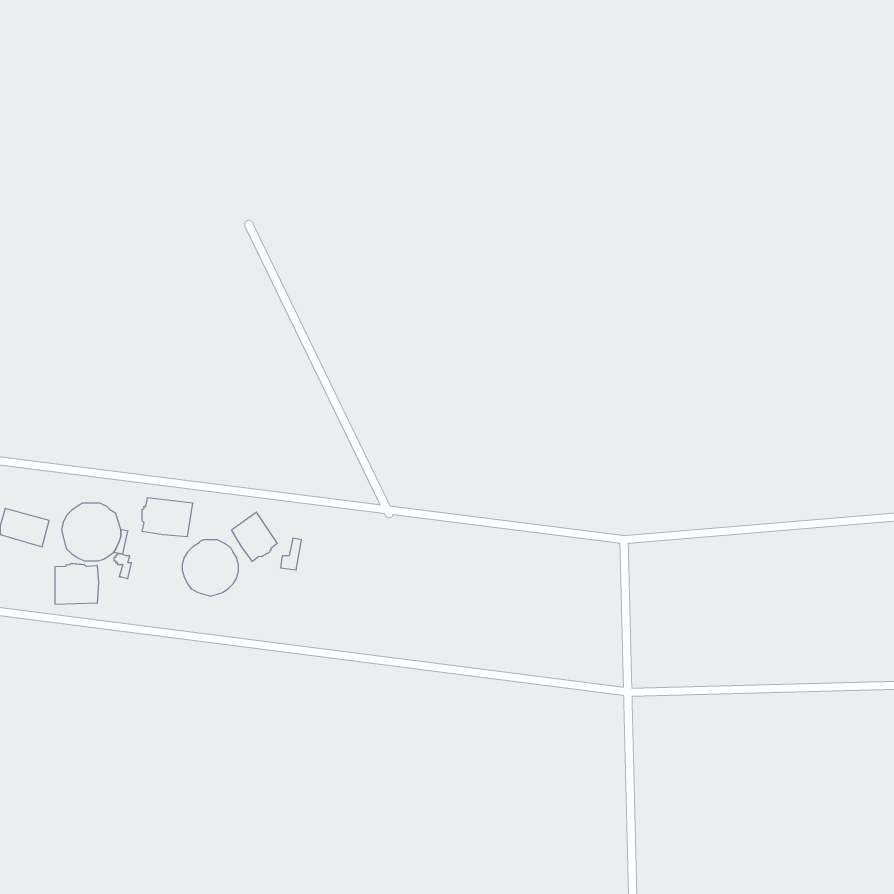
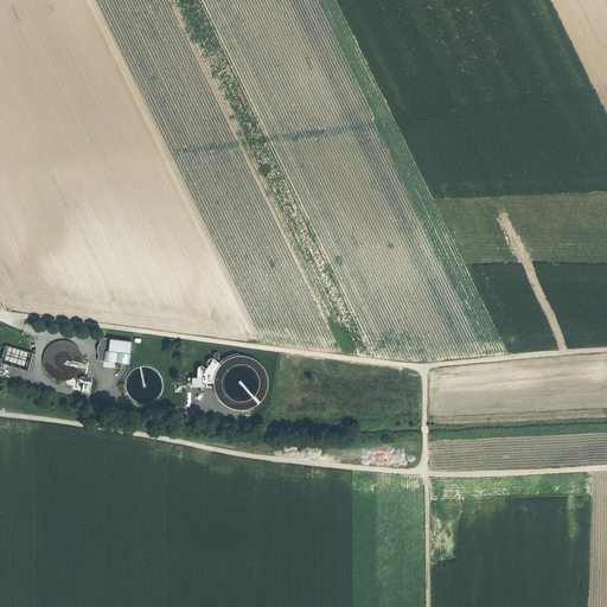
building: [231,512,277,561] -> none
building: [55,563,99,604] -> none

